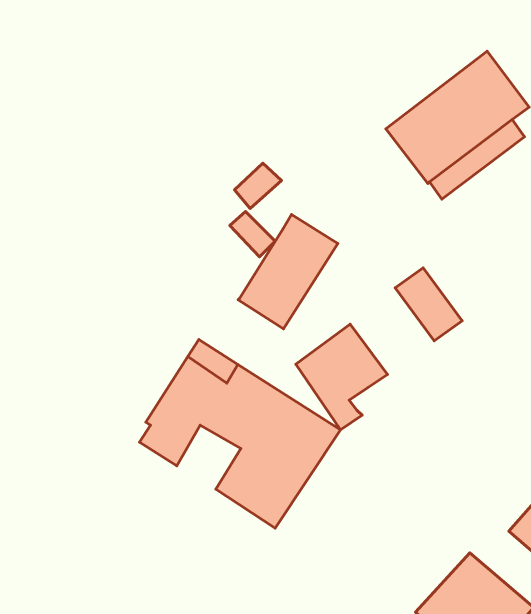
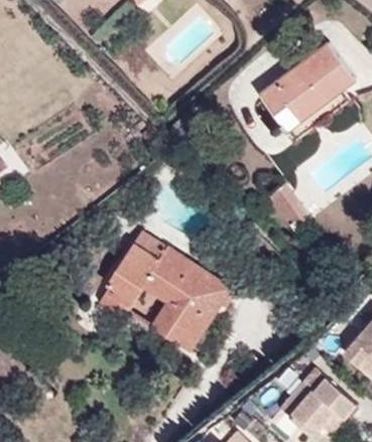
building: [238,215,338,329] -> none
building: [296,324,388,430] -> none

